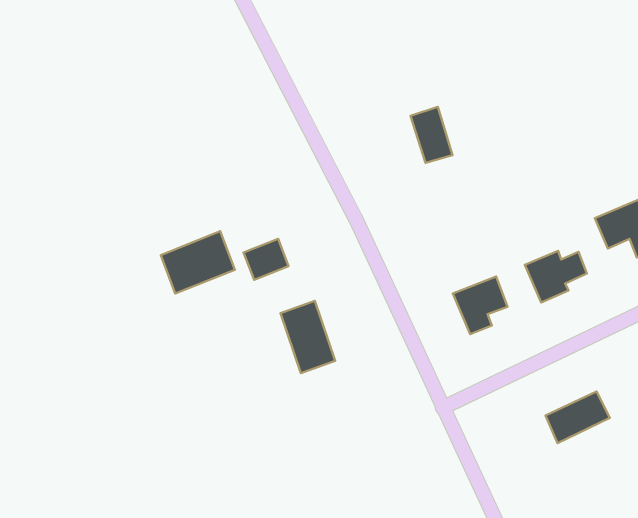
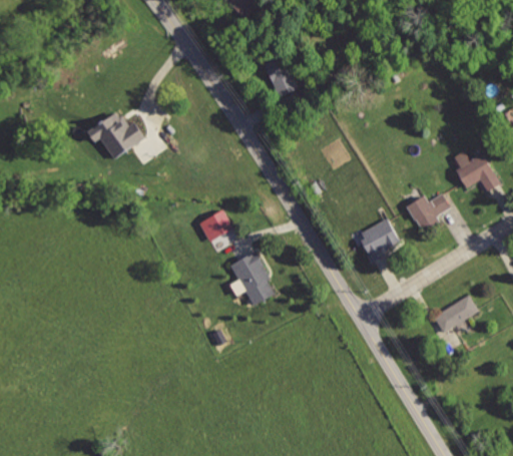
building: none -> [87,110,144,158]
building: [411,107,453,163] -> [264,54,298,96]
building: [161,231,235,294] -> none

